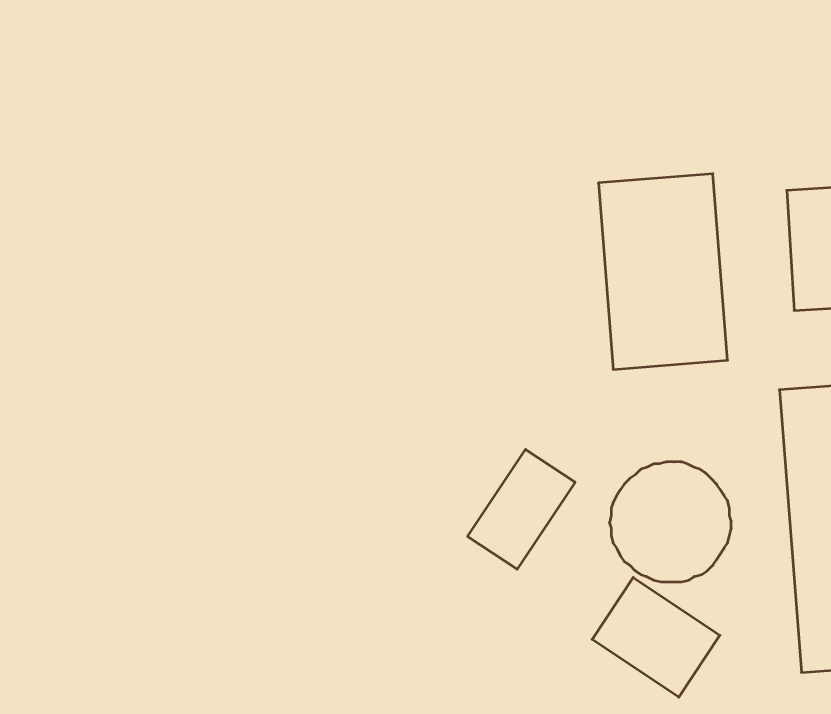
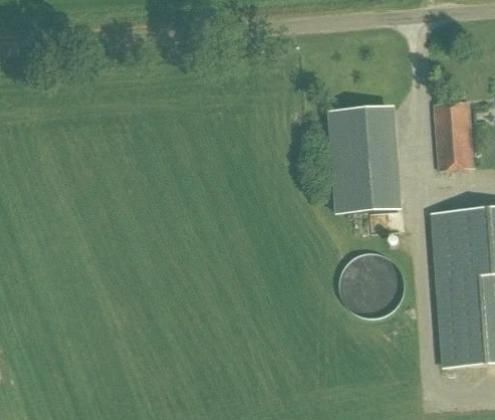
building: [468,449,575,569] -> none
building: [592,577,720,697] -> none

